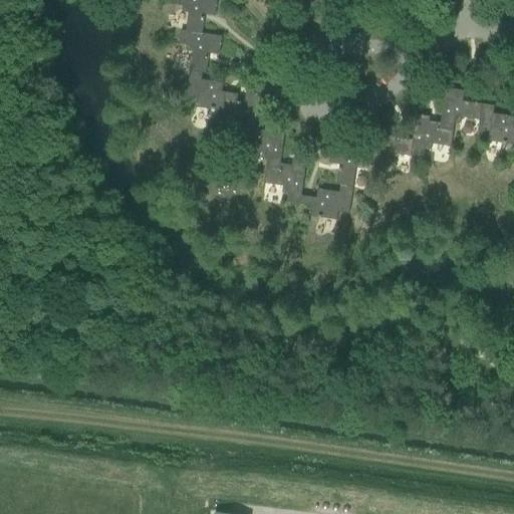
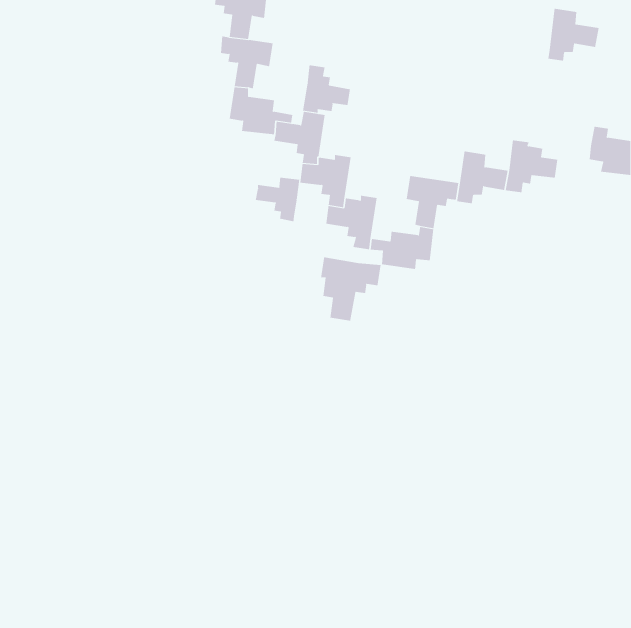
building: none -> [302,65,351,114]
building: [440,86,482,130] -> [548,8,600,61]
building: none -> [255,177,300,222]
building: none -> [321,256,381,322]

